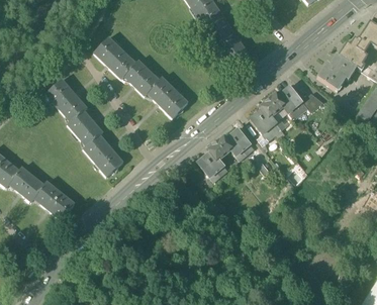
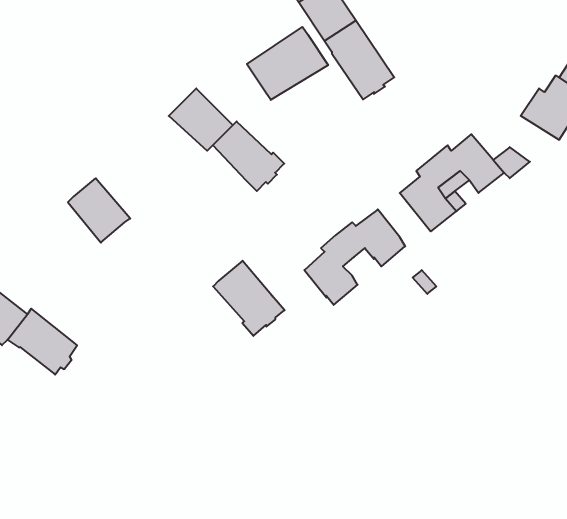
building: none -> [247,27,328,100]
building: [94,37,135,79] -> none
building: [46,79,86,120] -> none
building: [83,134,122,176] -> [213,261,285,336]

